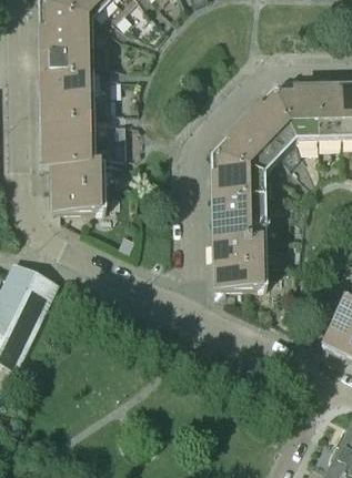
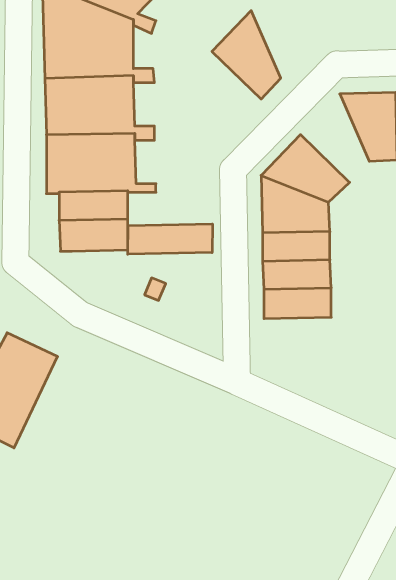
building: [242,85,296,155] -> [212,11,281,99]
building: none -> [128,224,212,254]
building: [213,262,266,286] -> none

